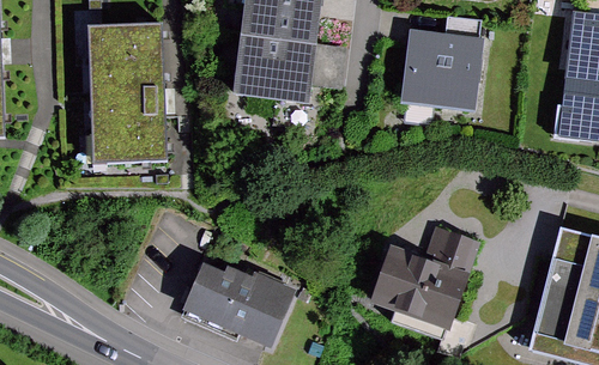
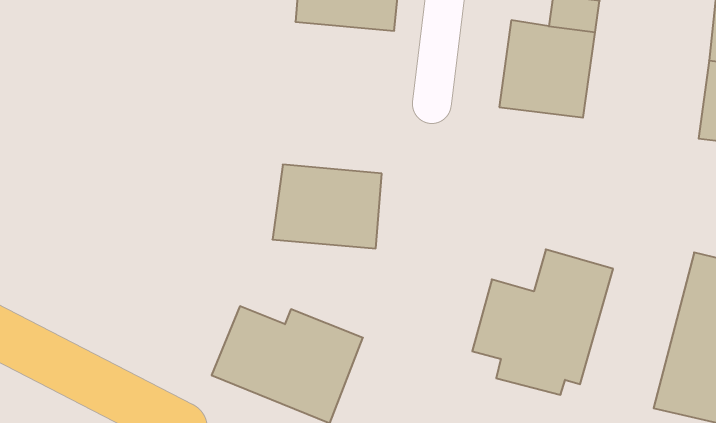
building: [91,30,162,163] -> none
building: [234,35,321,102] -> [272,165,382,248]

